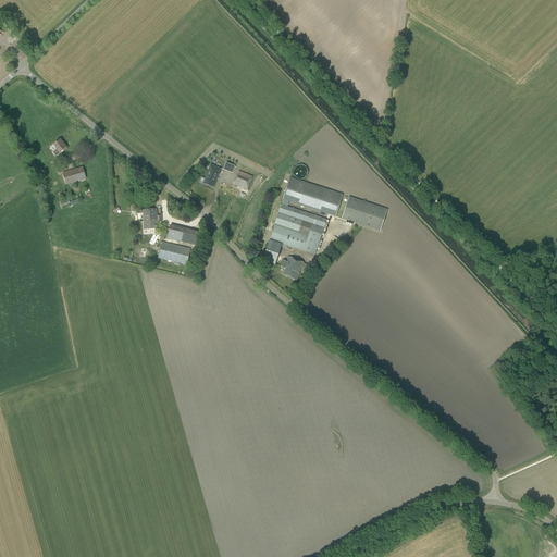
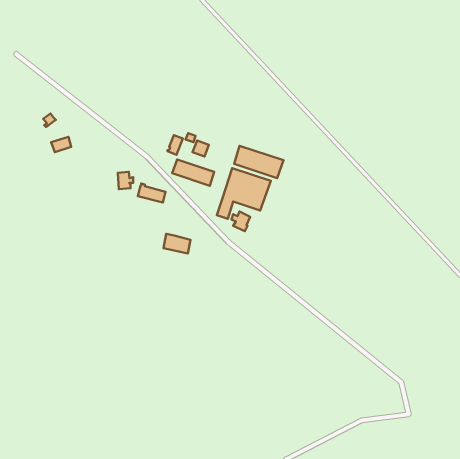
building: none -> [172,160,214,186]
building: [342,196,387,231] -> none
building: [158,240,190,264] -> [163,234,190,253]

